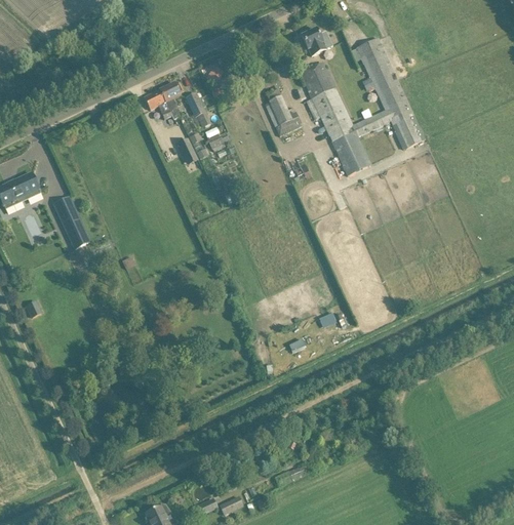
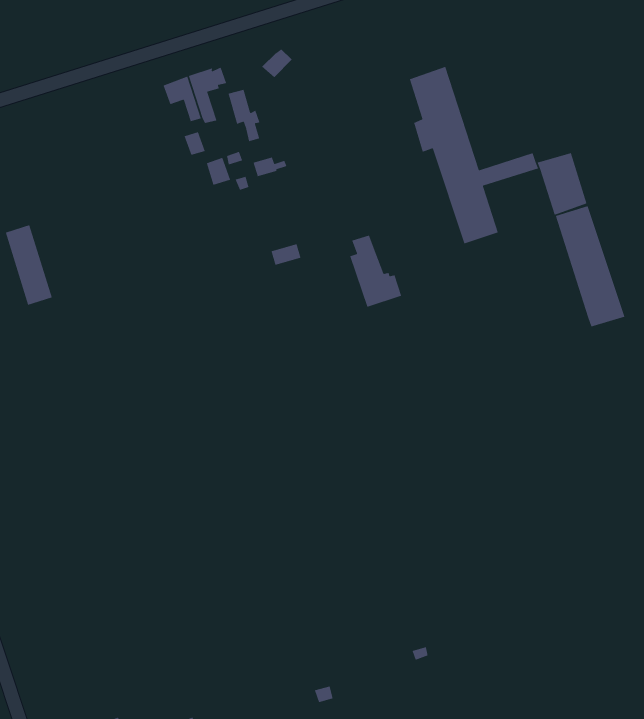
building: [301,27,331,55] -> none
building: [356,38,409,116] -> [555,205,626,327]
building: [265,88,302,135] -> [349,234,402,308]

